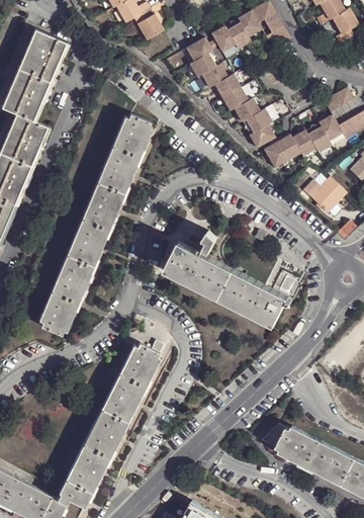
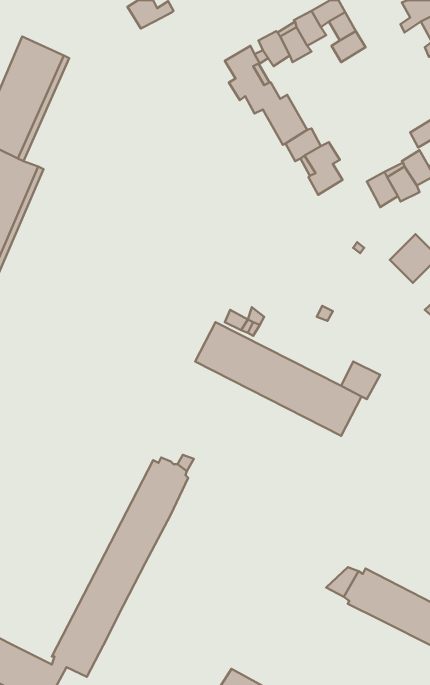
building: [134,11,163,40] -> none
building: [38,114,153,336] -> none
building: [265,134,301,168] -> none

